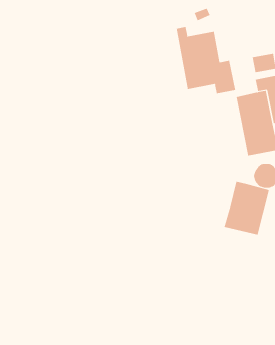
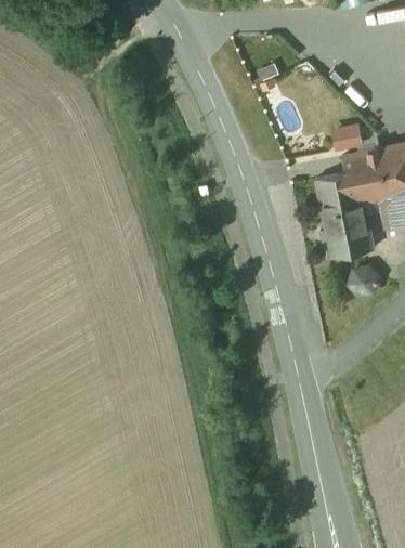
building: [176,26,236,94] -> none
building: [224,181,269,236] -> none

